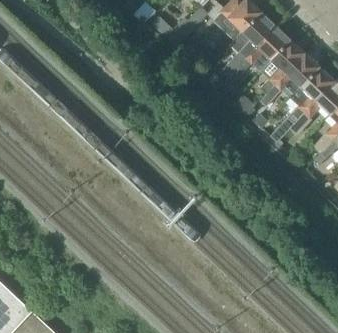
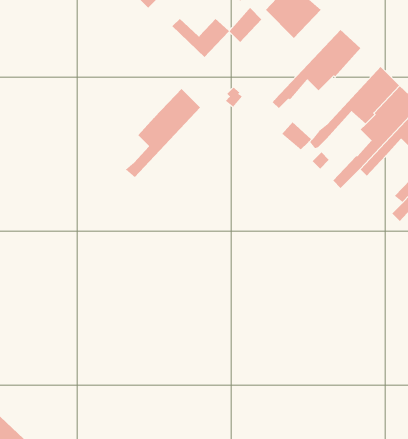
building: [221,12,276,77] -> [125,88,201,178]
building: [259,40,305,95] -> none

